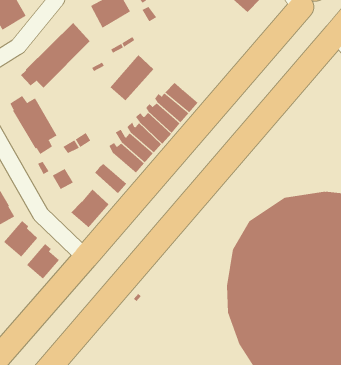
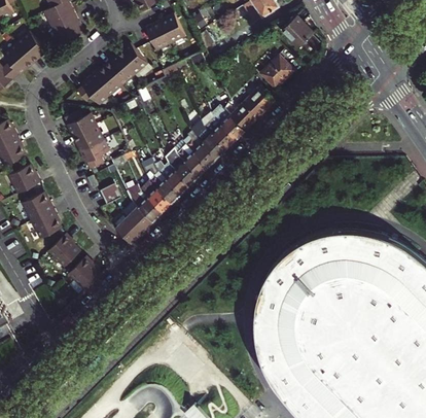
building: none -> [259,56,293,90]
building: [110,54,154,101] -> [229,86,274,131]
building: none -> [143,166,179,204]
building: none -> [123,183,161,222]

